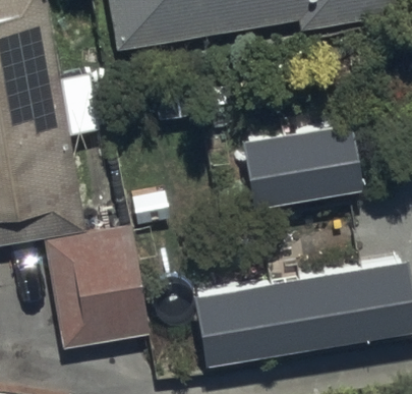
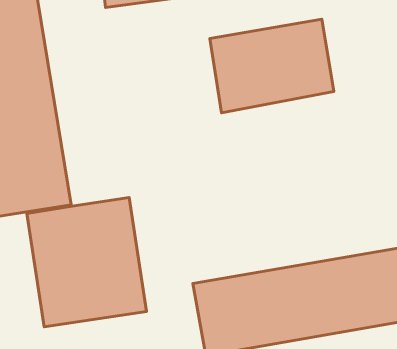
building: [245,124,362,213] -> [210,19,334,113]

